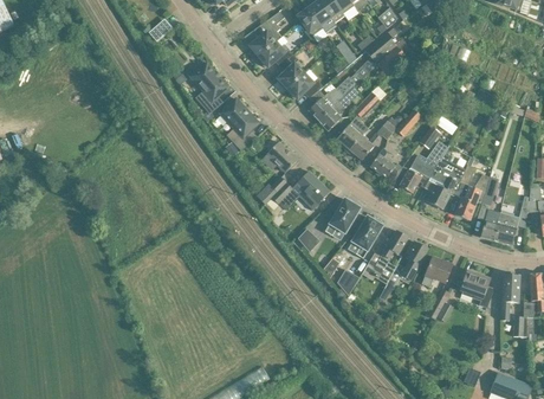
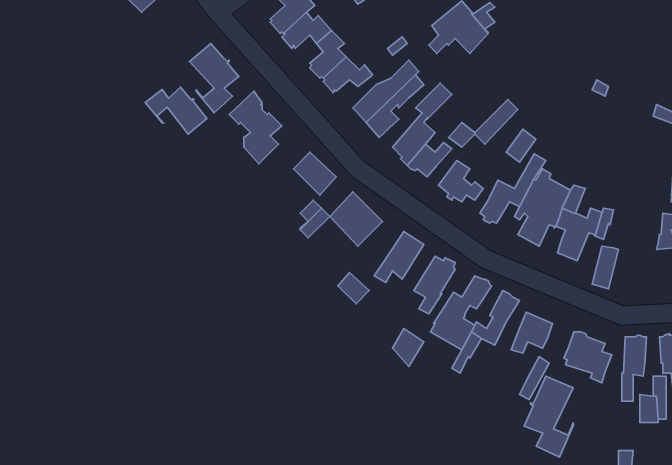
building: none -> [145,87,207,134]
building: [492,212,519,245] -> none
building: none -> [524,376,574,457]

